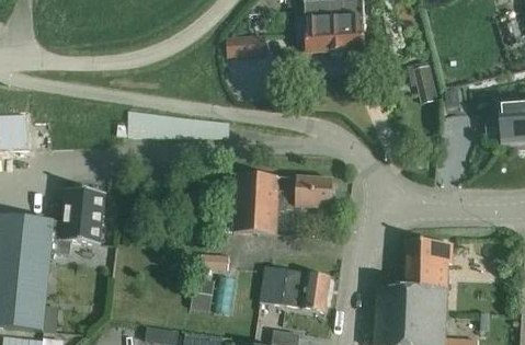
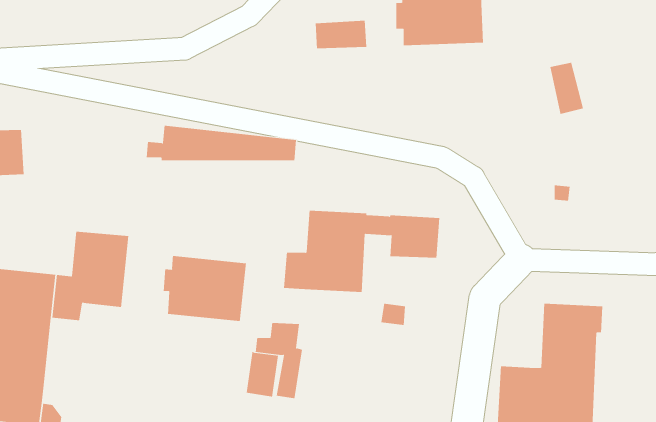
building: none -> [163,255,247,322]
building: [259,266,329,311] -> none

